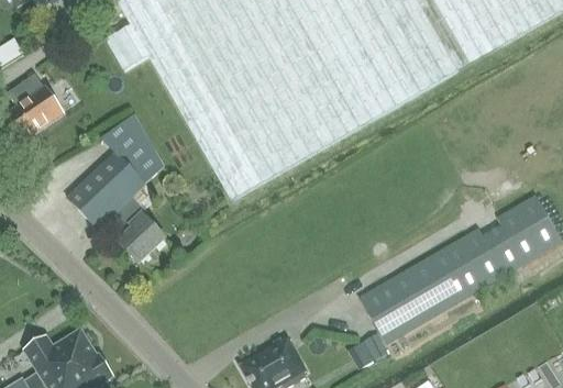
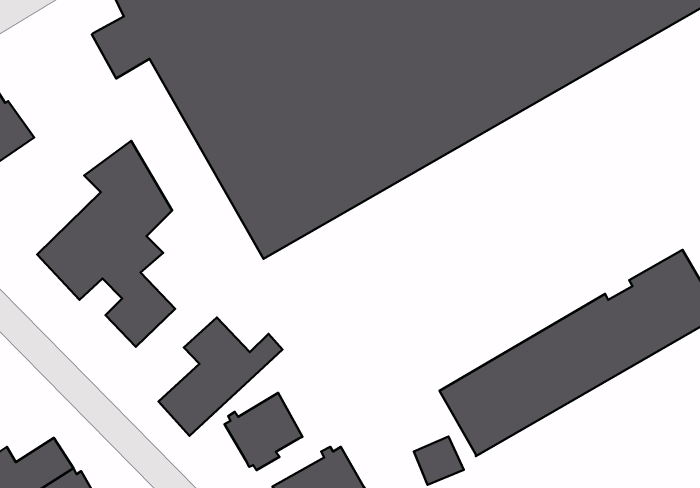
building: none -> [158,318,282,436]
building: none -> [224,393,303,470]

